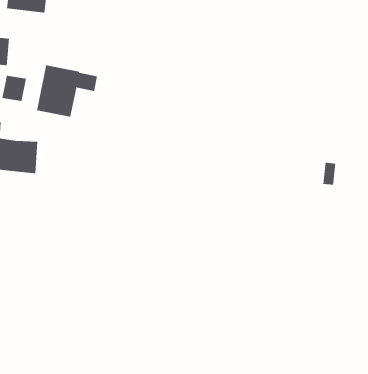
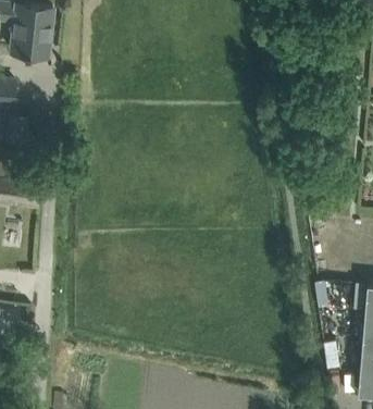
building: [36,64,98,118] -> none

